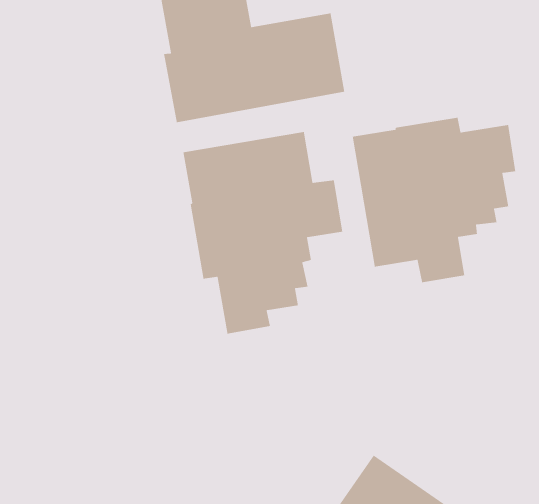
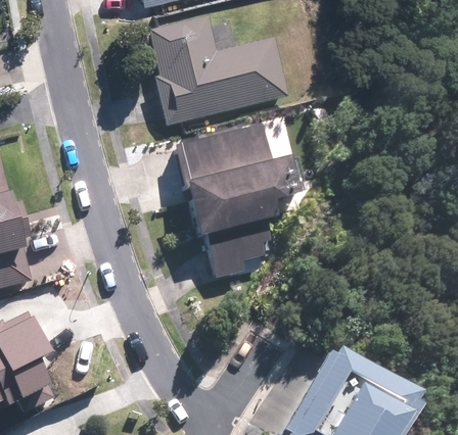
building: [352,117,516,283] -> none

